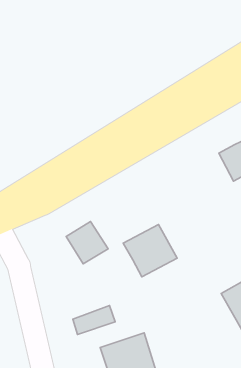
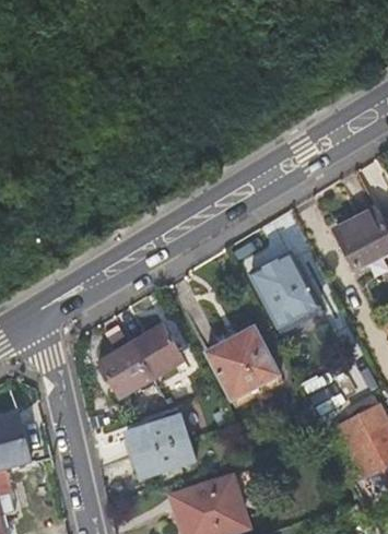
building: none -> [250,254,316,328]
building: none -> [96,344,149,400]
building: none -> [126,414,185,456]

